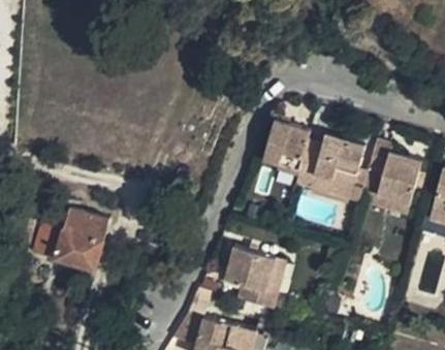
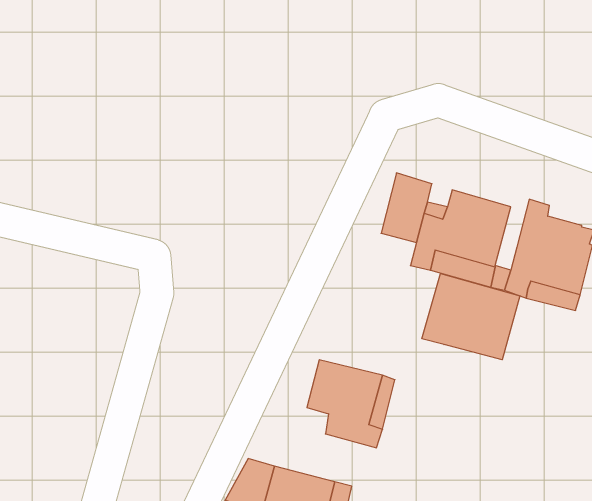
building: none -> [422,273,520,360]
building: [32,206,108,264] -> none

